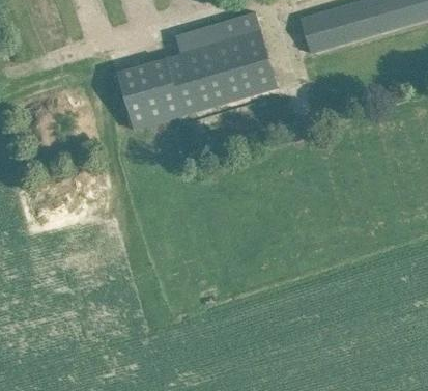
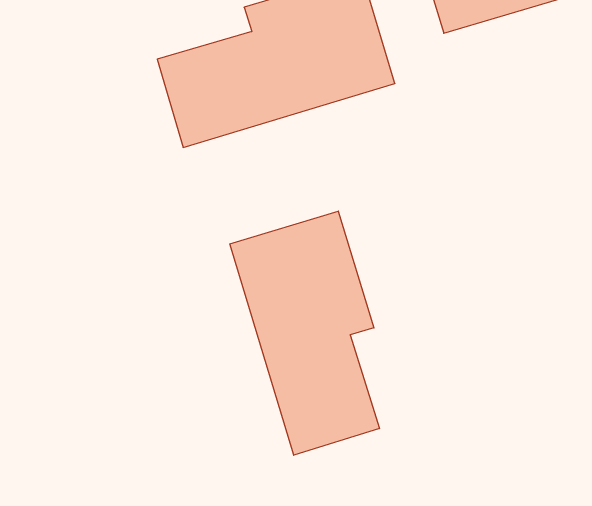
building: none -> [230,211,379,455]

